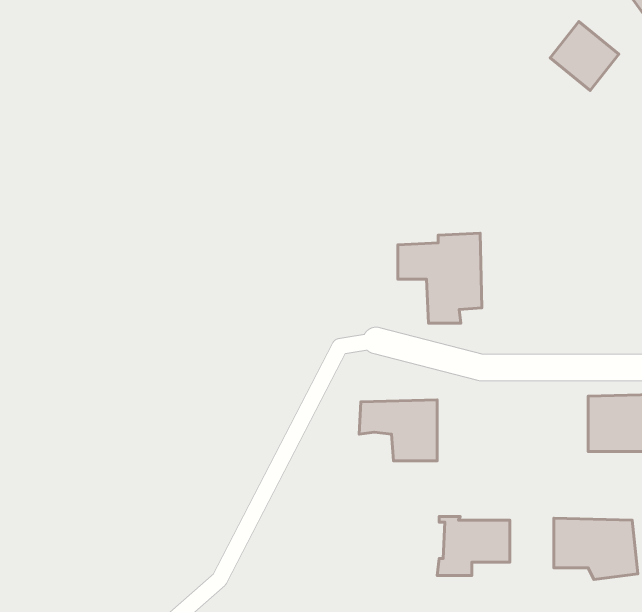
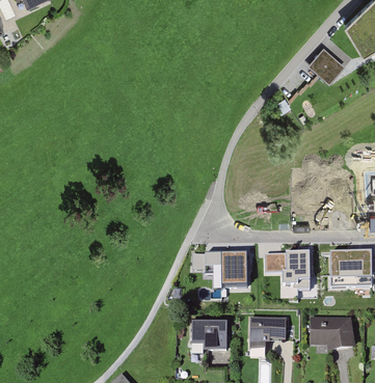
building: [398,233,482,323] -> [264,247,310,296]
building: none -> [192,323,229,356]

